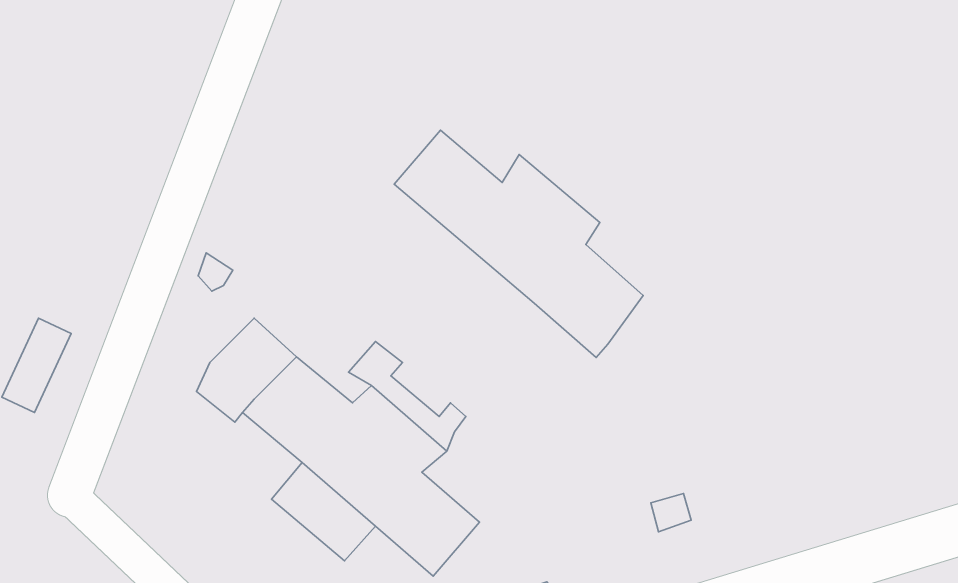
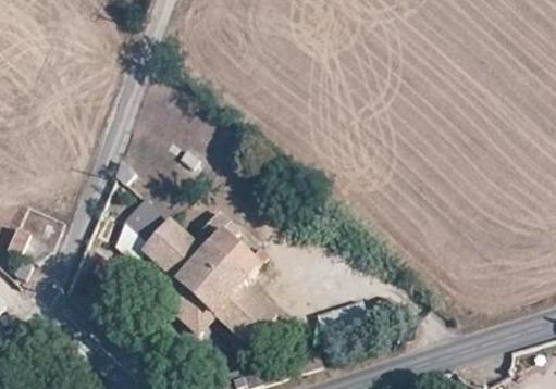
building: [394,130,643,358] -> none

